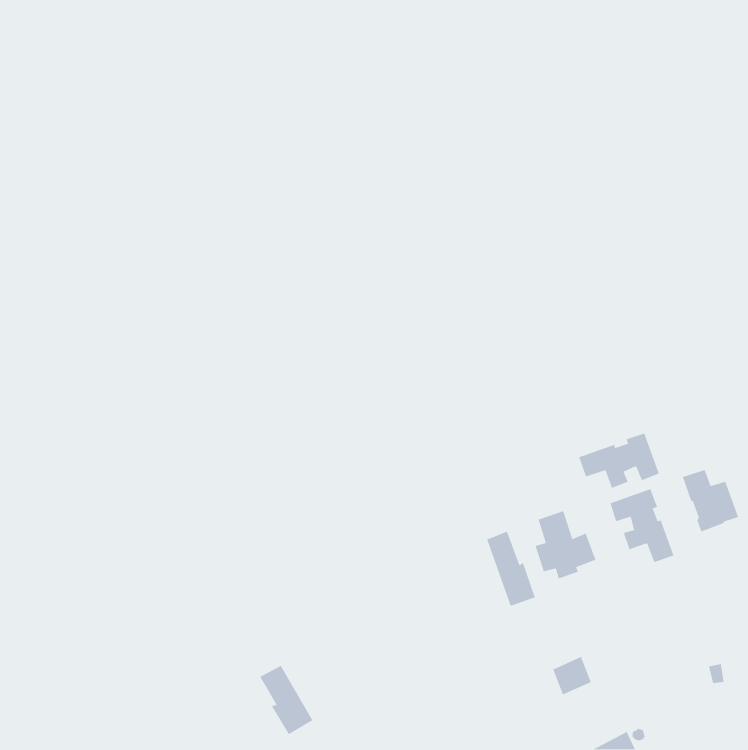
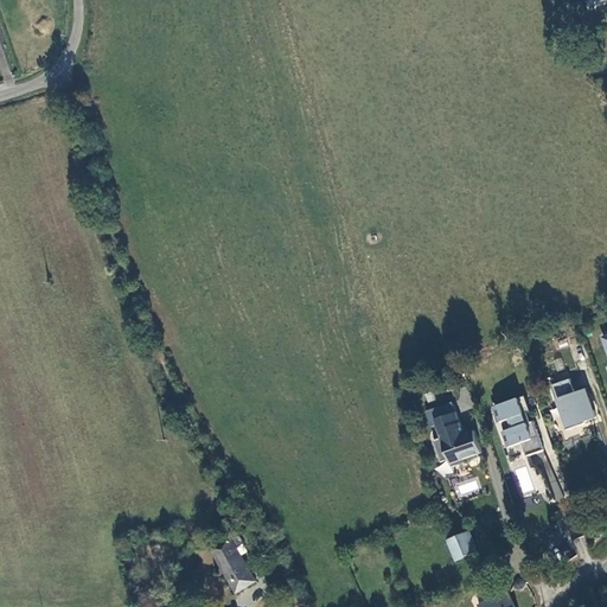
building: [578,432,660,489] -> none
building: [486,530,536,607] -> none

